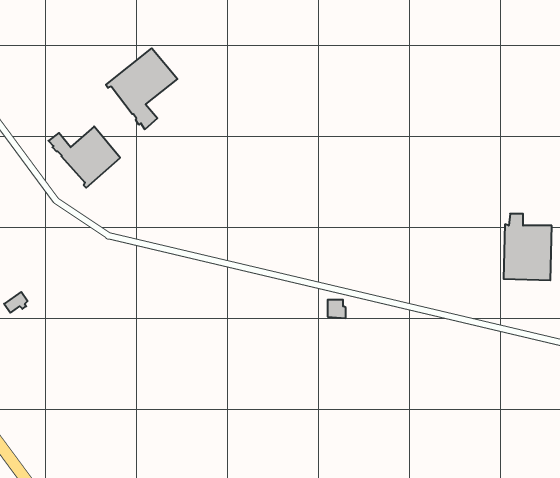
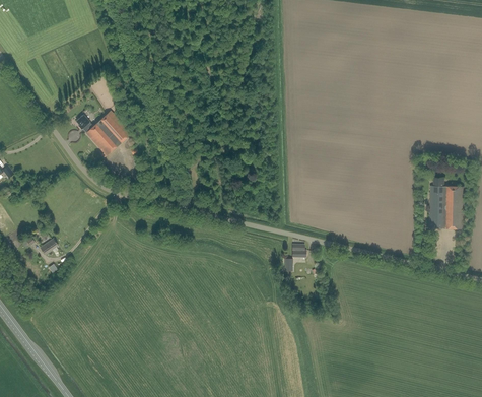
building: [106,48,177,129] -> none

